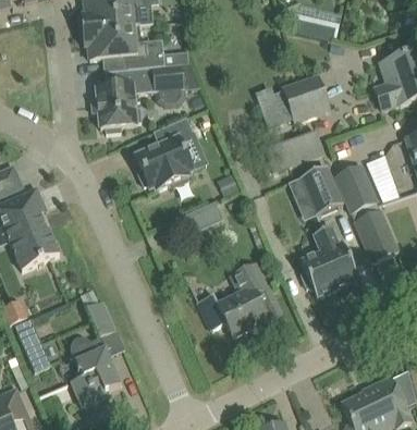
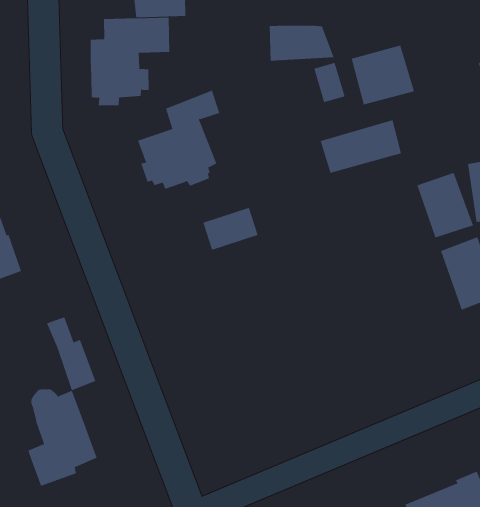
building: [152,63,200,90] -> [269,25,334,61]
building: [287,164,343,214] -> none
building: [301,225,358,296] -> none
building: [197,263,268,335] -> none

